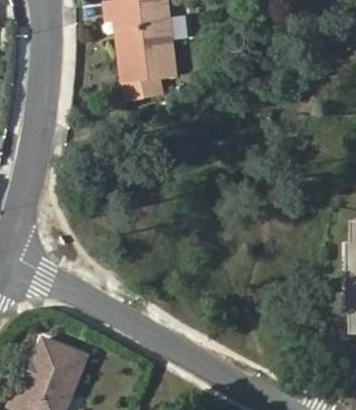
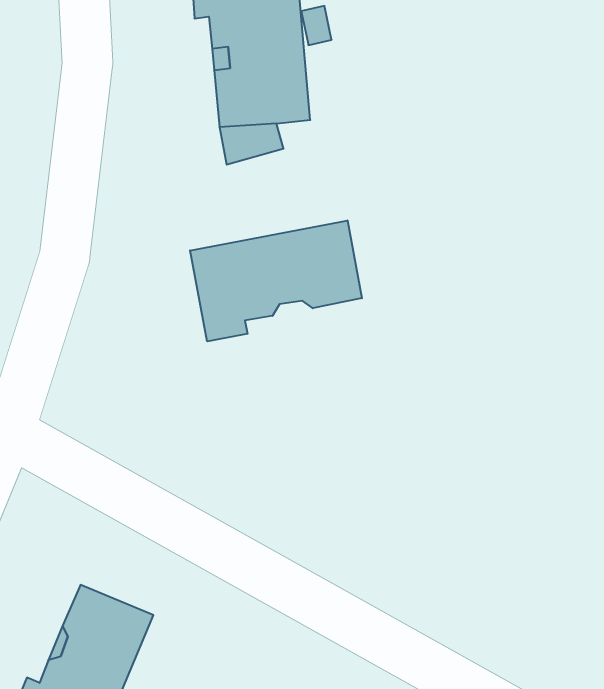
building: none -> [190,220,362,341]

